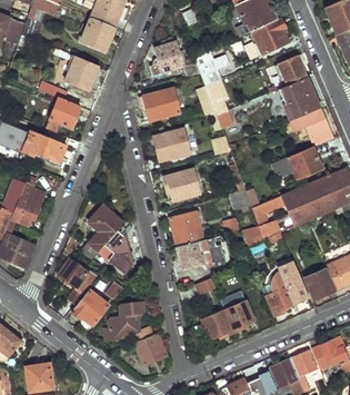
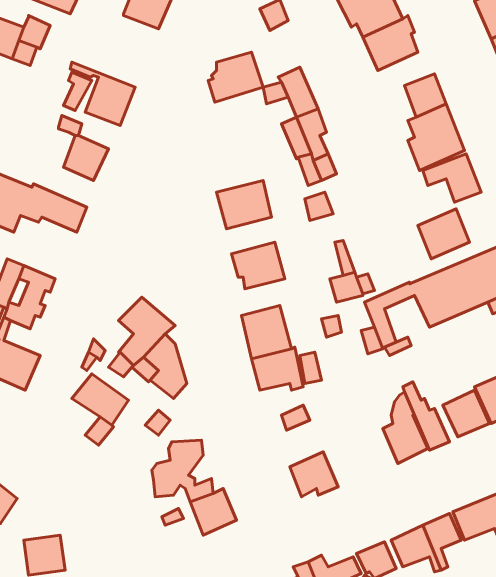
building: [81,18,114,51] -> none
building: [143,88,180,119] -> none
building: [72,290,108,325] -> none
building: [221,292,254,333] -> none

